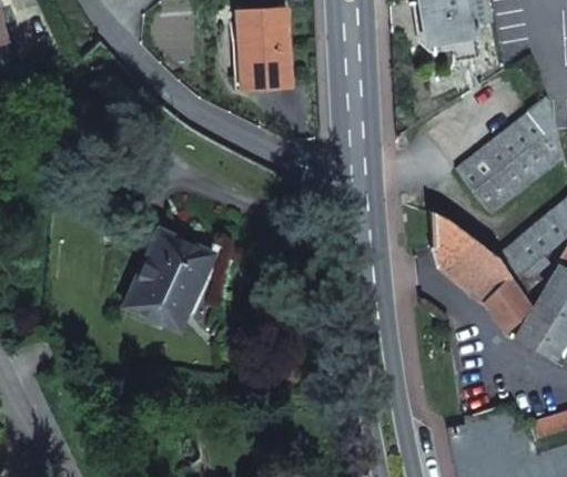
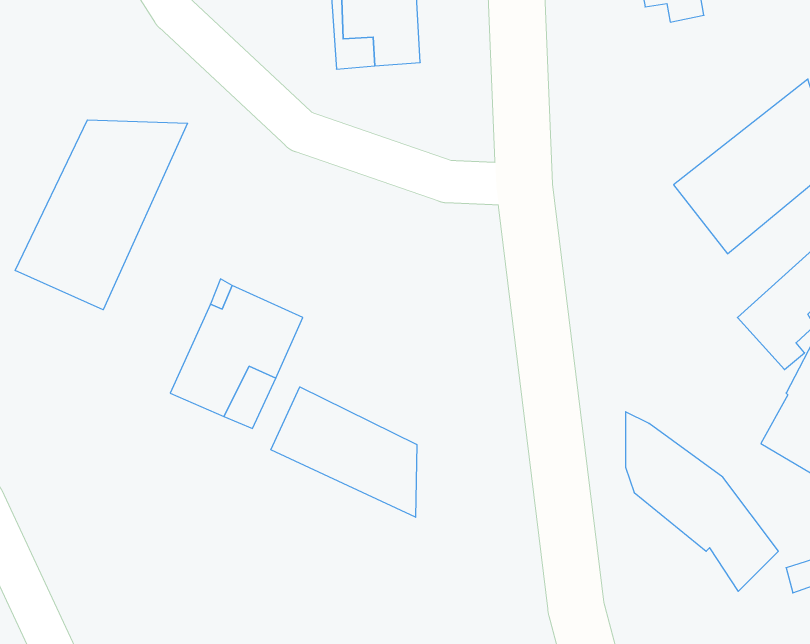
building: none -> [15,120,188,310]
building: [431,210,531,328] -> [626,412,778,591]
building: none -> [271,387,417,517]

